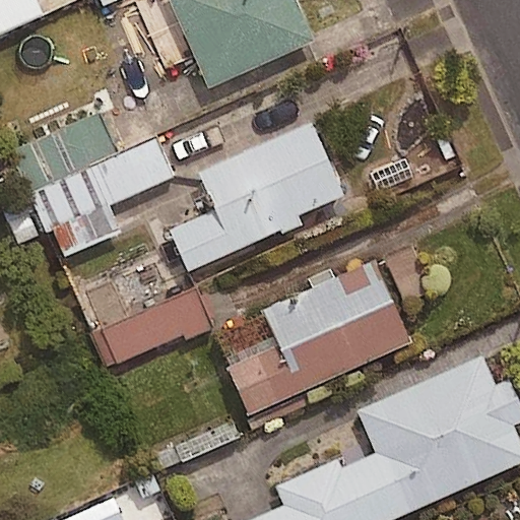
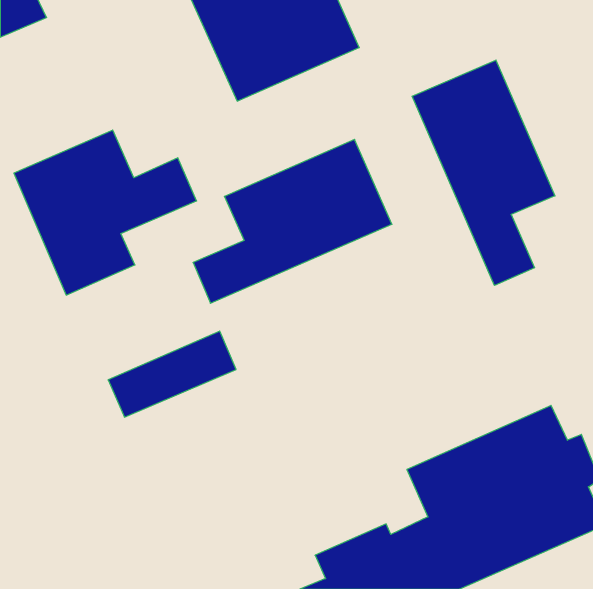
building: none -> [412,60,555,285]
building: [225,261,412,417] -> none

